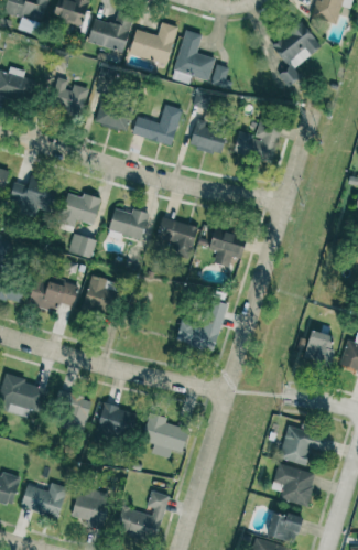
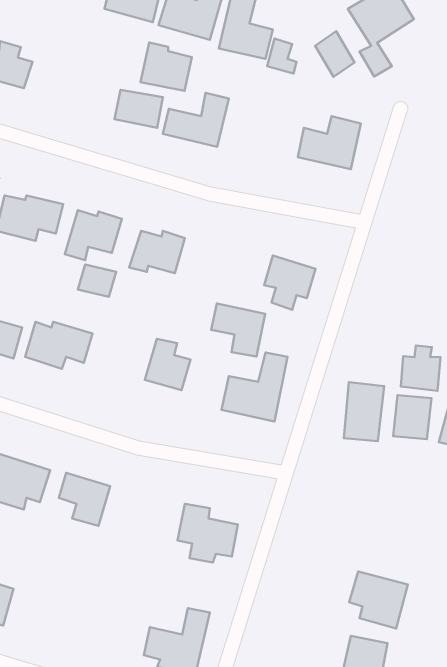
building: none -> [315,31,355,77]
building: [50,77,88,114] -> [140,42,192,91]
building: [189,119,227,154] -> none
building: [156,218,197,258] -> [211,304,265,356]
building: [83,276,117,314] -> [145,339,190,390]
building: none -> [401,345,441,391]
building: none -> [344,382,384,441]
building: [97,405,138,438] -> none
building: [279,425,327,465] -> none
building: [21,483,67,517] -> none
building: [72,488,109,526] -> none

